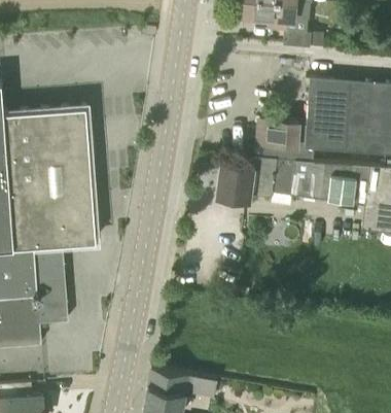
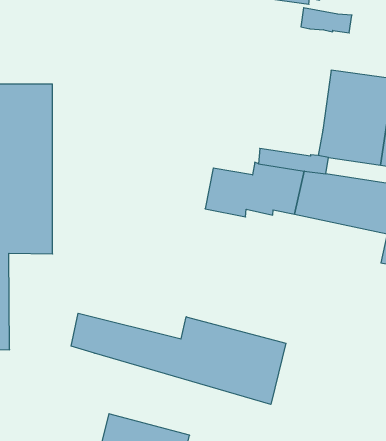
building: [256,122,306,149] -> none
building: none -> [71,313,286,404]

